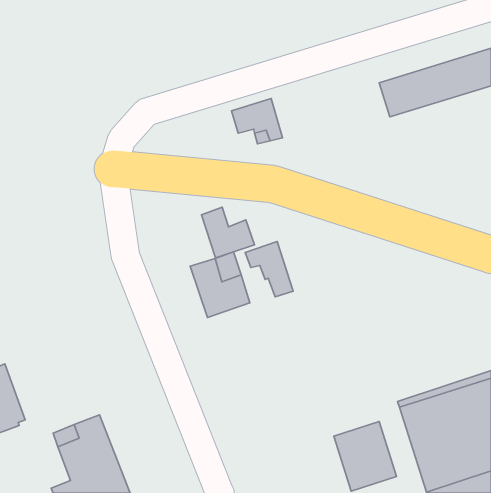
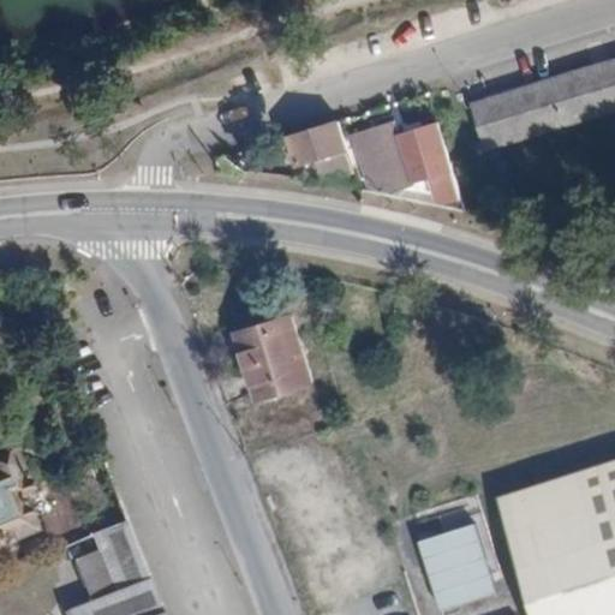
building: none -> [352,119,459,203]
building: [201,207,255,258] -> none
building: [245,242,293,297] -> none

